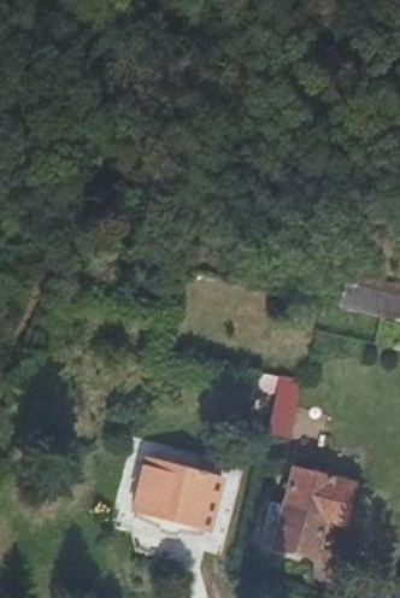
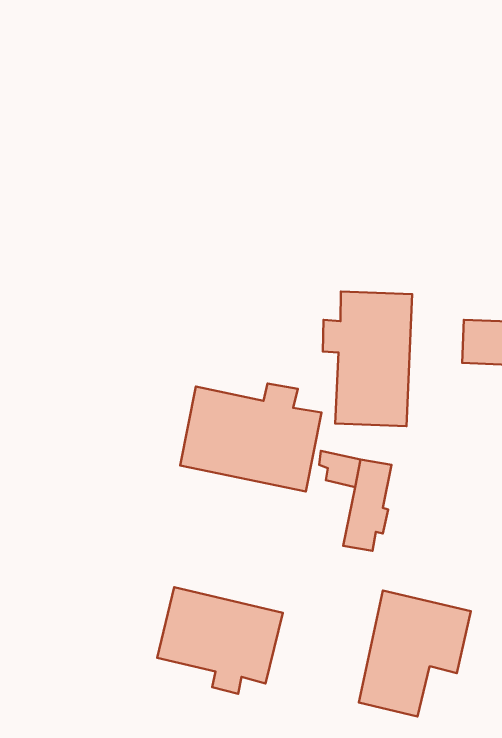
building: none -> [323,292,412,426]
building: none -> [180,384,321,491]

